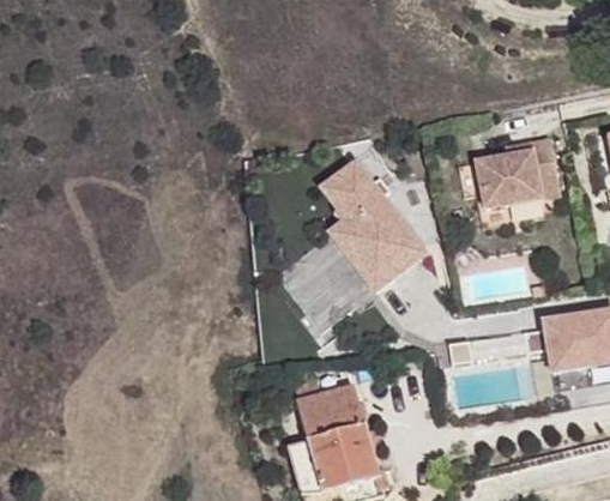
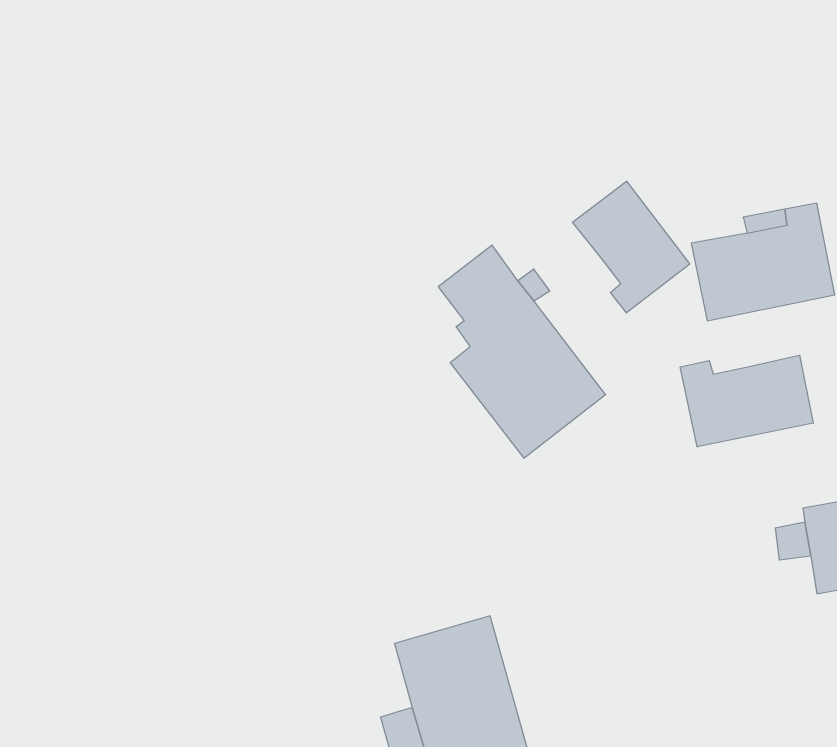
building: none -> [573,181,690,313]
building: none -> [680,355,813,447]

